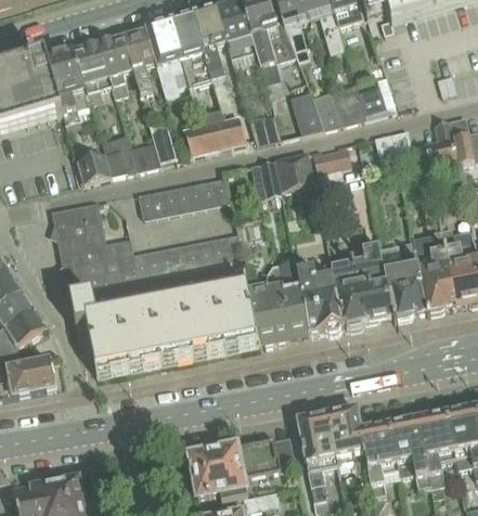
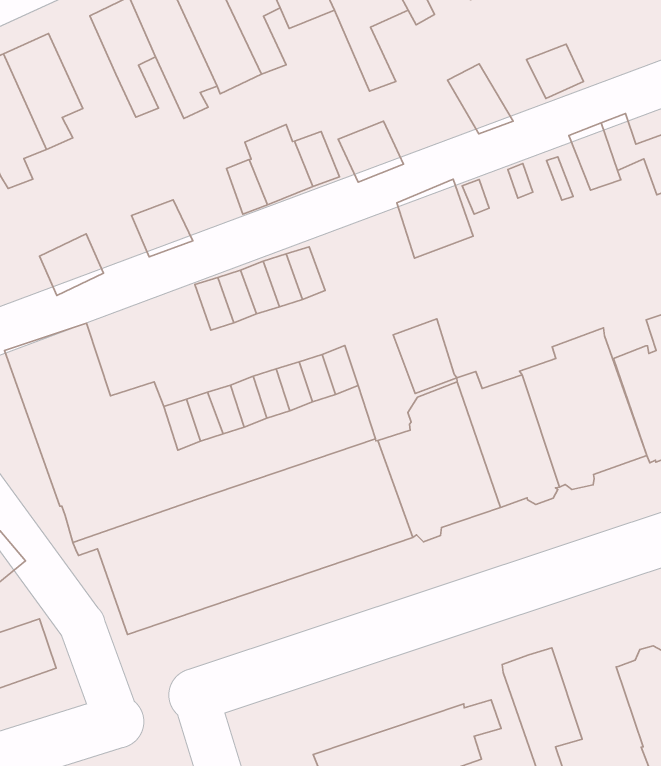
building: [99,35,132,96] -> none
building: [331,83,365,124] -> none
building: [289,91,325,134] -> none
building: [148,120,177,165] -> none
building: [104,134,137,176] -> none
building: [250,159,282,198] -> [393,319,457,394]
building: [138,189,165,219] -> none
building: [326,407,369,477] -> none

